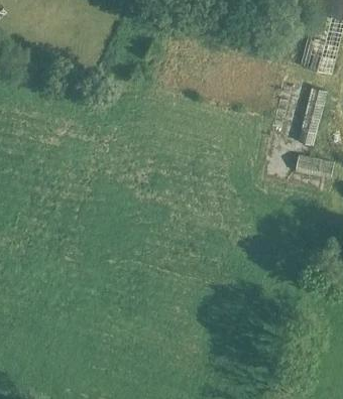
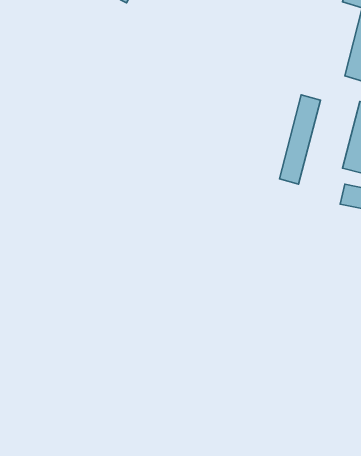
building: none -> [279,95,320,184]

